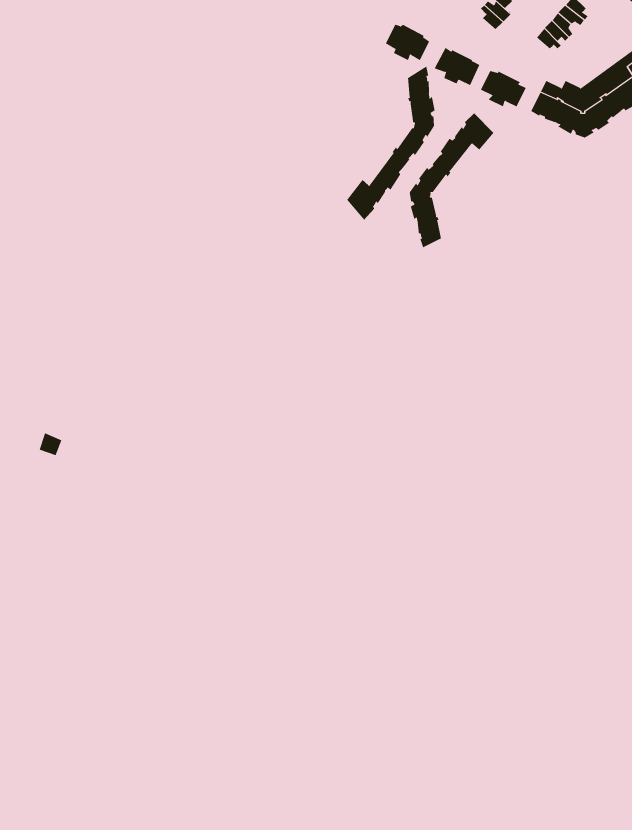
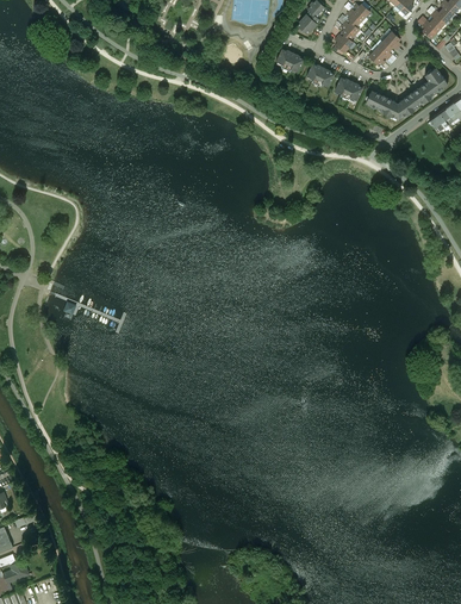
building: [346,65,435,221] -> none
building: [409,113,494,248] -> none

